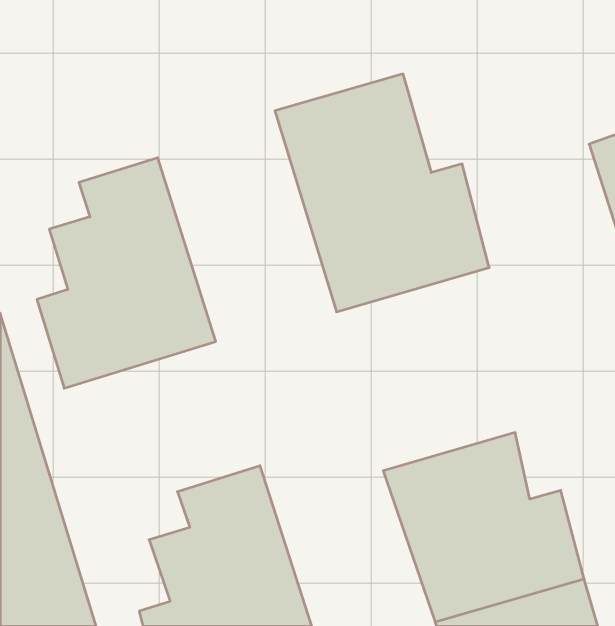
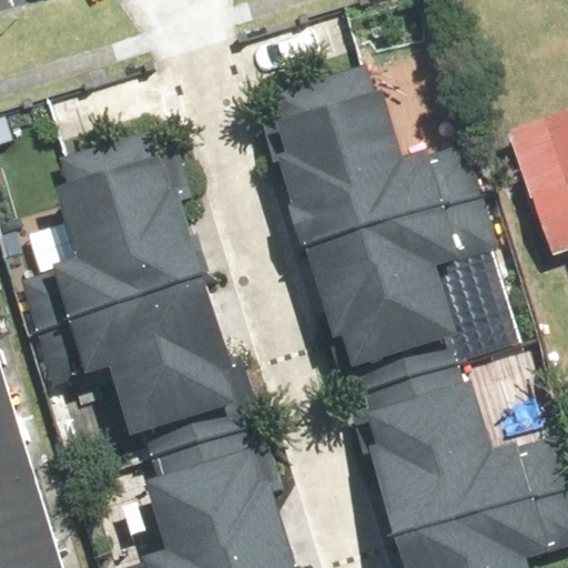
building: none -> [316,241,477,424]
building: none -> [71,307,235,438]

